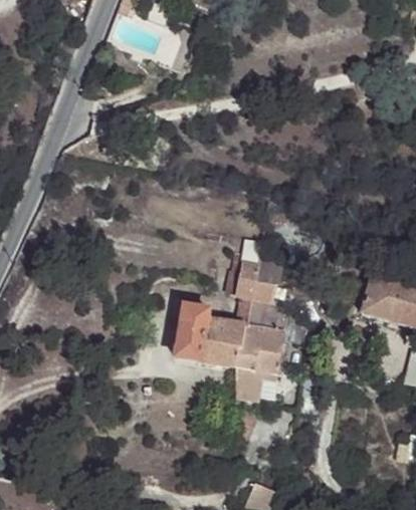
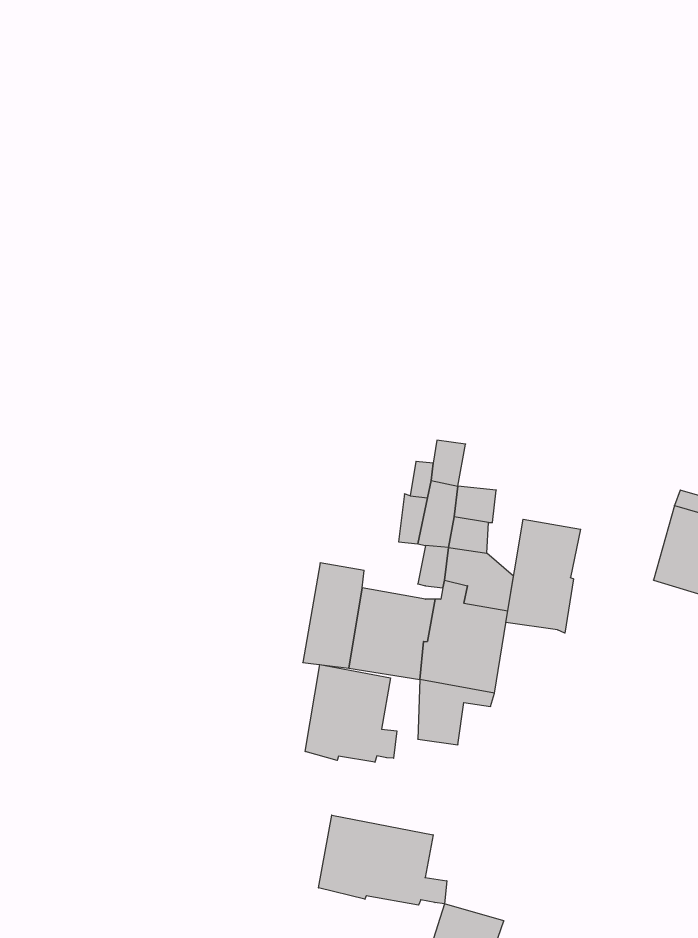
building: none -> [506,519,581,633]
building: none -> [305,665,397,762]
building: none -> [319,815,447,905]

